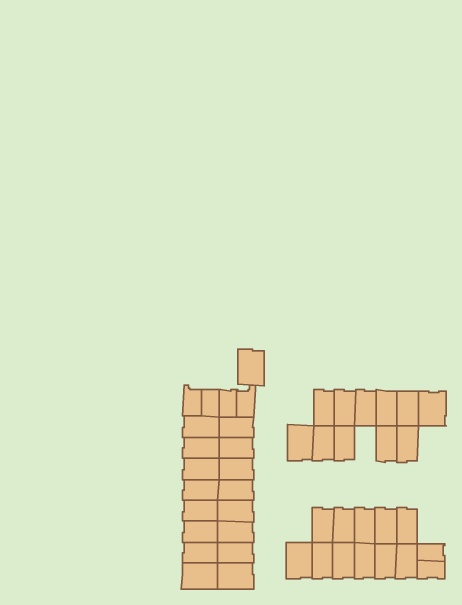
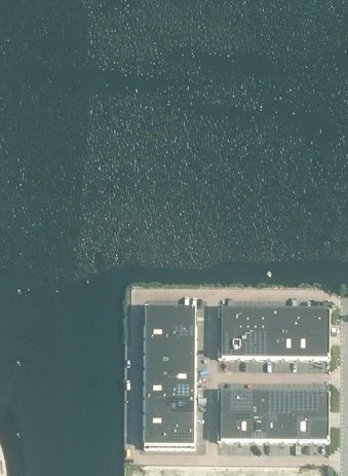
building: [238,349,264,386] -> [218,306,236,332]
building: none -> [265,332,280,357]
building: none -> [309,332,330,358]
building: none -> [217,390,235,414]
building: none -> [309,390,328,415]

